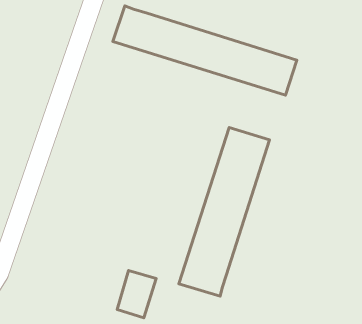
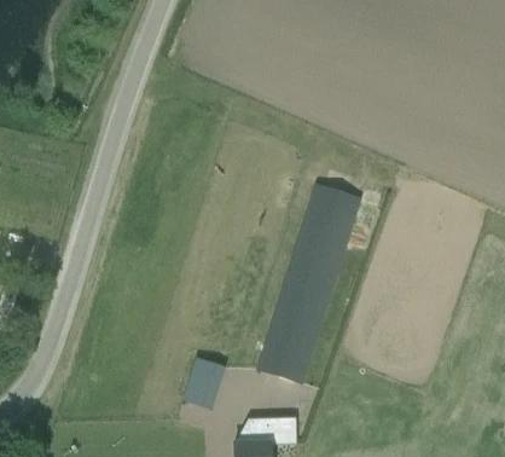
building: [113,6,297,95] -> none

